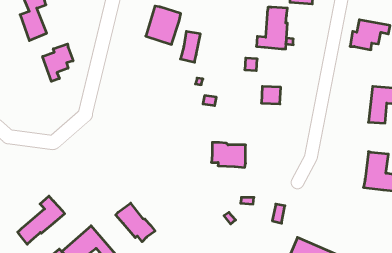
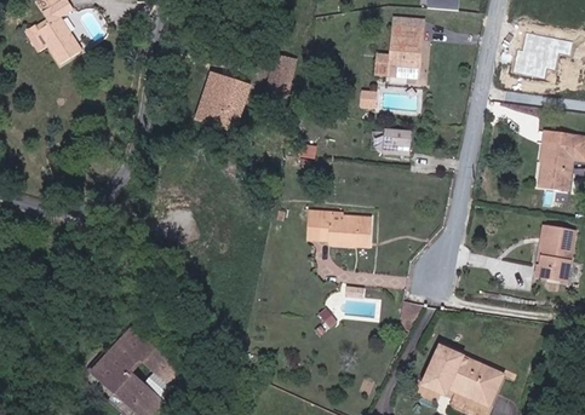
building: [146,6,181,44] -> [199,73,250,128]
building: [43,44,73,81] -> none
building: [18,196,65,244] -> none
building: [116,203,155,242] -> none

